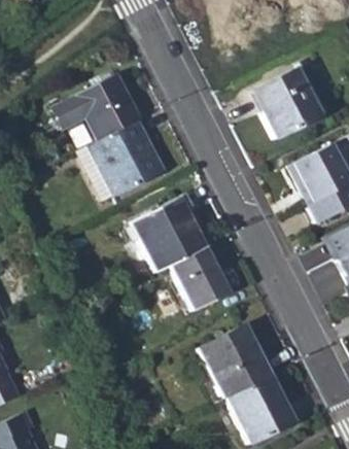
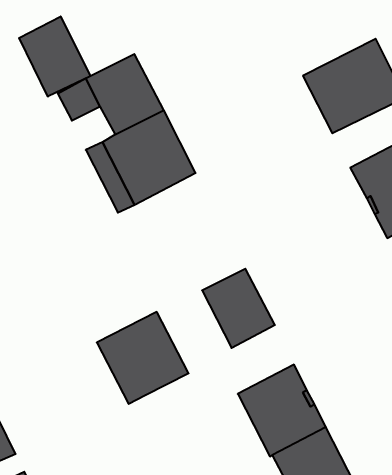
building: none -> [19,16,90,97]
building: [131,198,205,272] -> [97,312,189,404]

